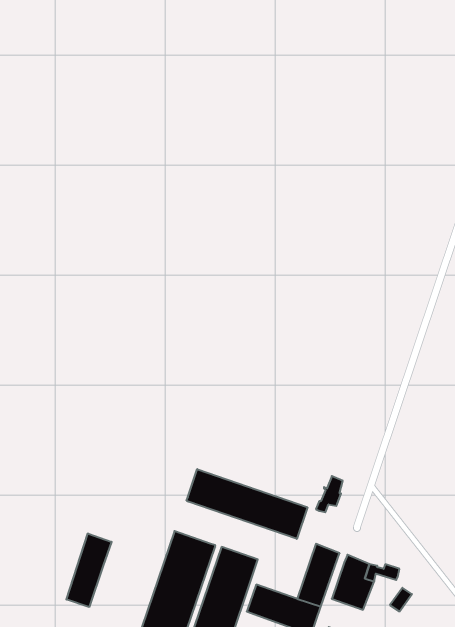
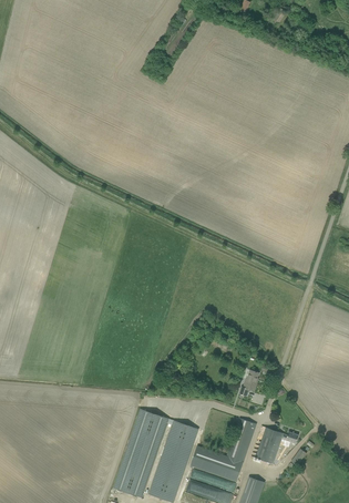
building: [187,469,307,539] -> none
building: [66,533,112,607] -> none

